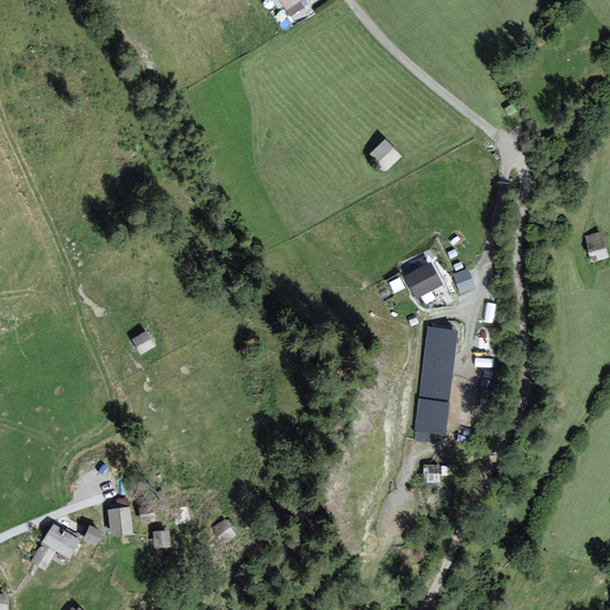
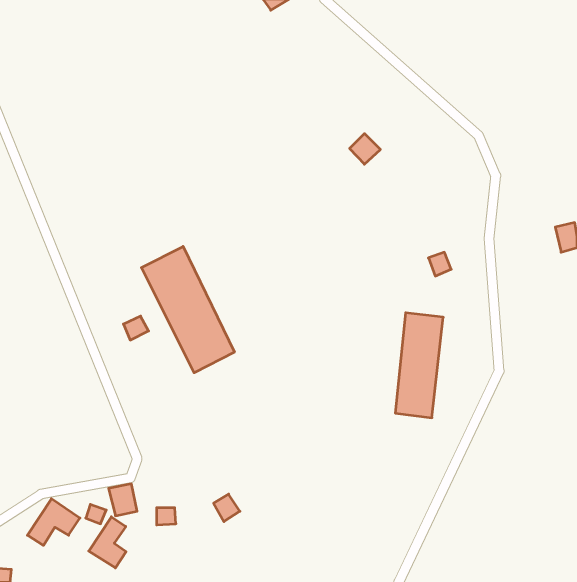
building: none -> [141,246,234,373]
building: [400,259,442,299] -> none
building: none -> [89,517,126,568]

